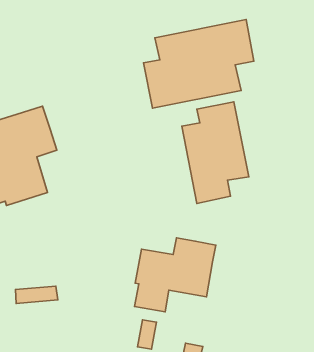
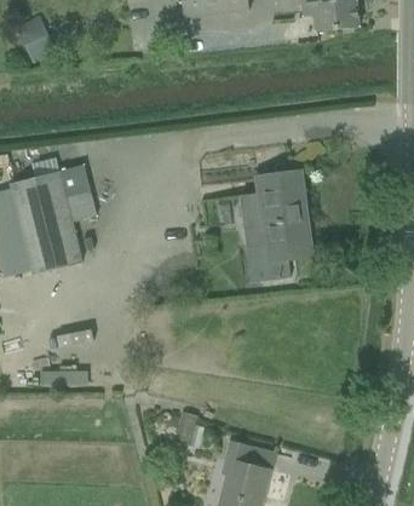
building: [143,19,254,108] -> none
building: [134,238,216,312] -> none

